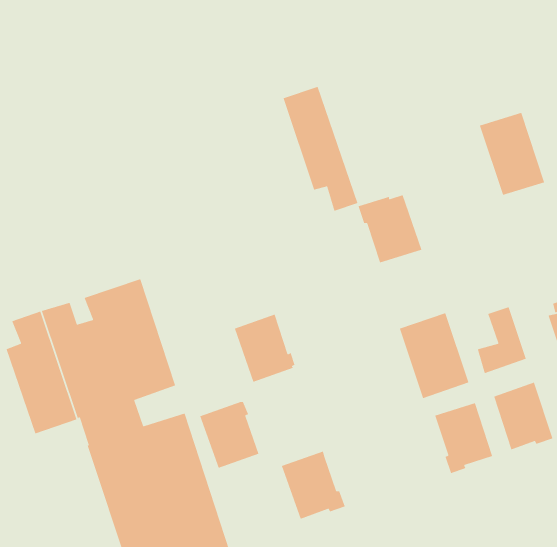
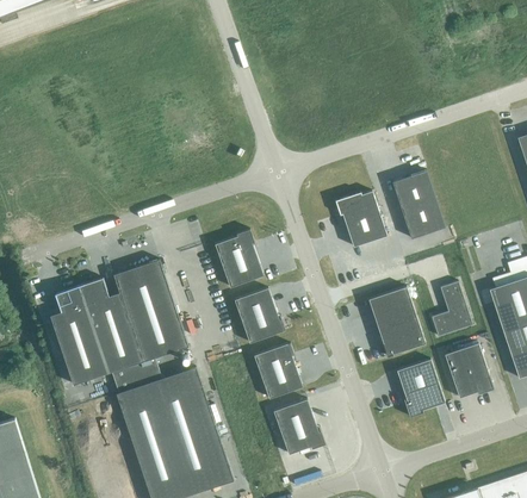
building: [282,86,359,212] -> none
building: [479,112,545,196] -> [392,170,446,238]
building: none -> [215,229,264,287]
building: [199,401,260,469] -> [254,343,303,398]

